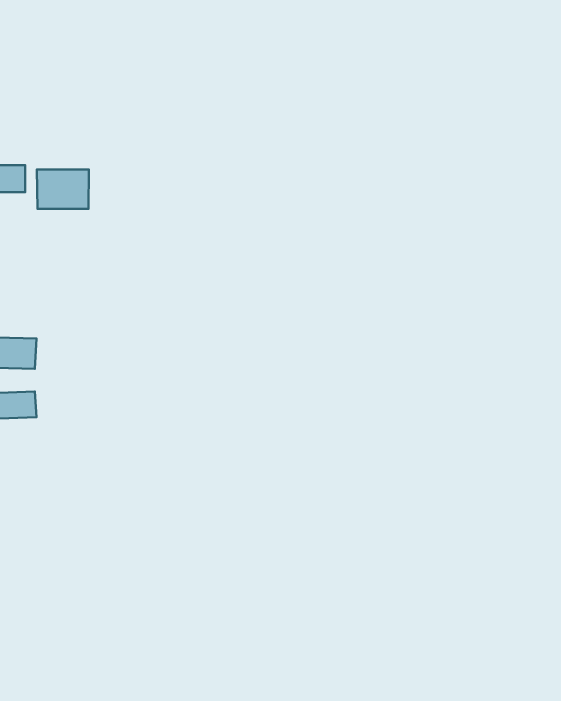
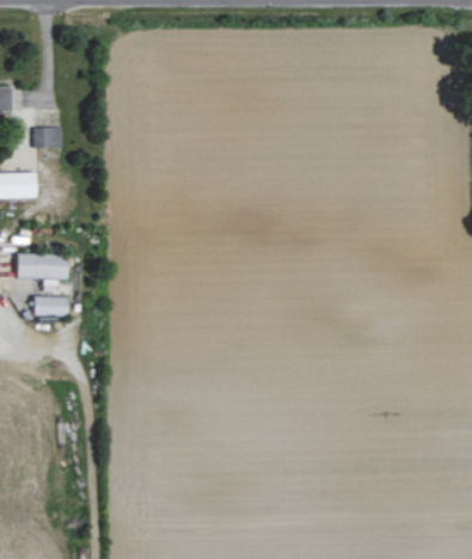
building: [37,169,89,209] -> none

